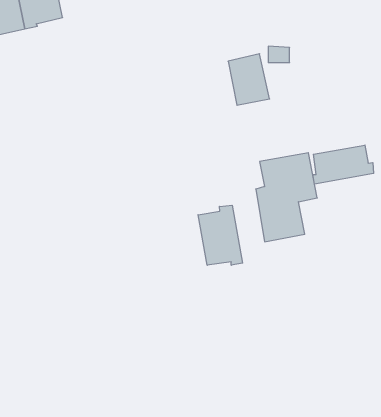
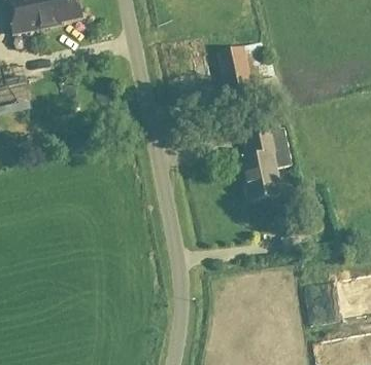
building: [313,145,374,184] -> none
building: [198,205,243,265] -> none

